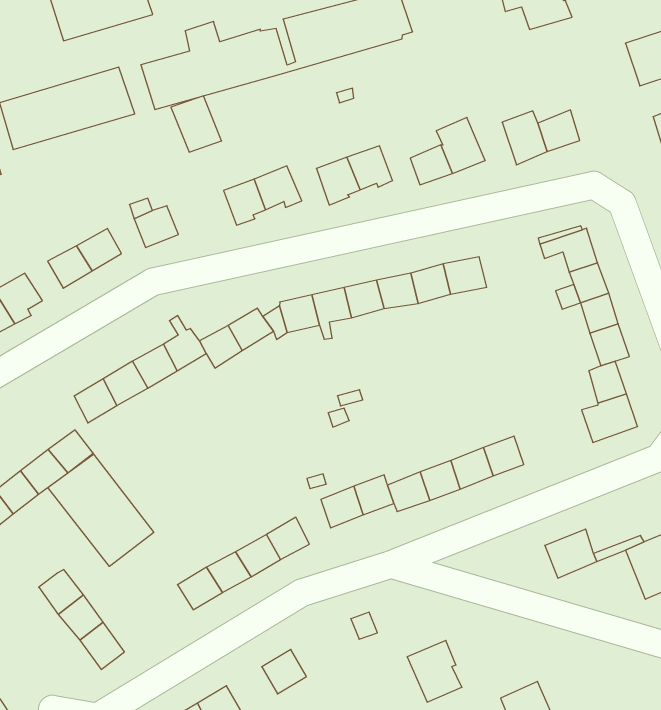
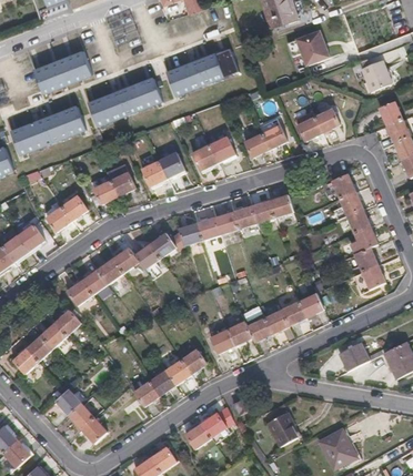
building: [171,96,222,152] -> [107,163,137,195]
building: [48,454,154,566] -> none
building: none -> [201,405,234,442]

